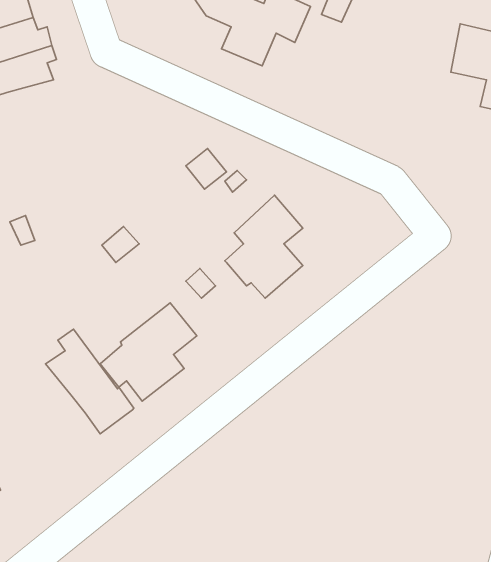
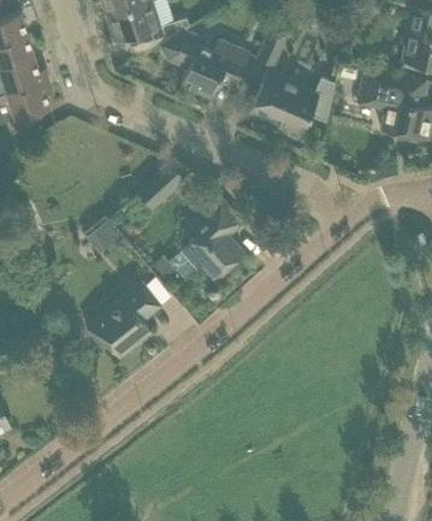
building: none -> [248,70,332,136]
building: [46,329,134,434] -> none

